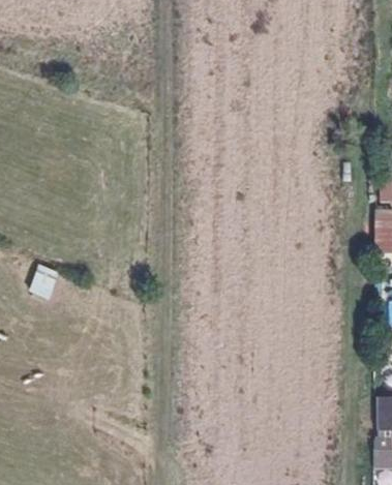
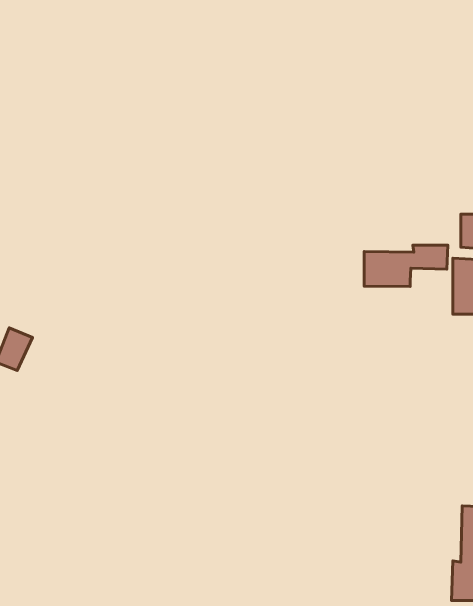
building: none -> [364,245,448,286]

